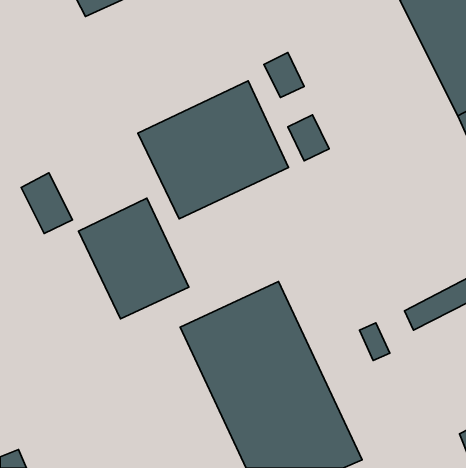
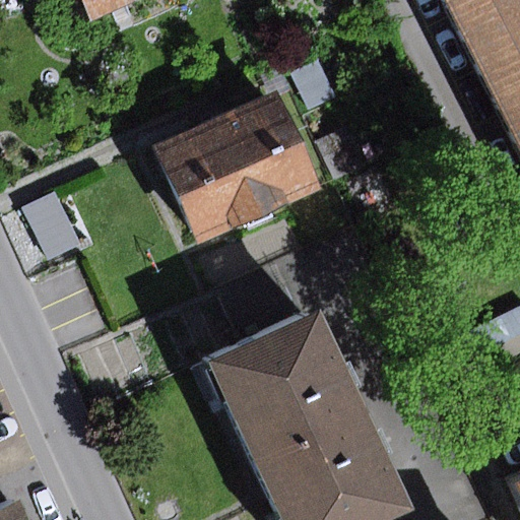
building: [78,198,189,319] -> none

